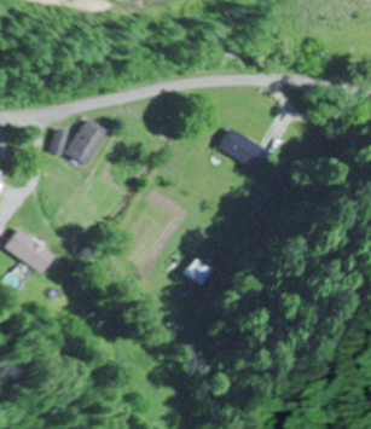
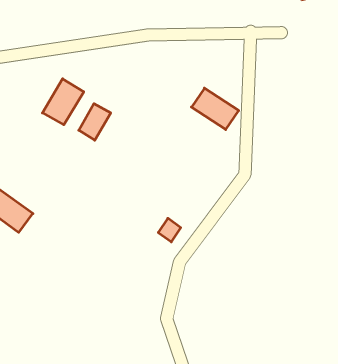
building: none -> [79,104,111,140]

